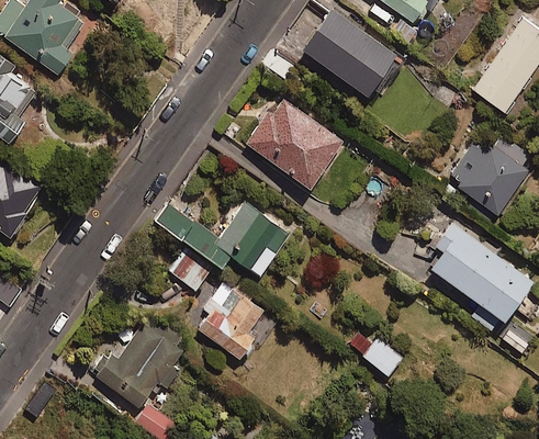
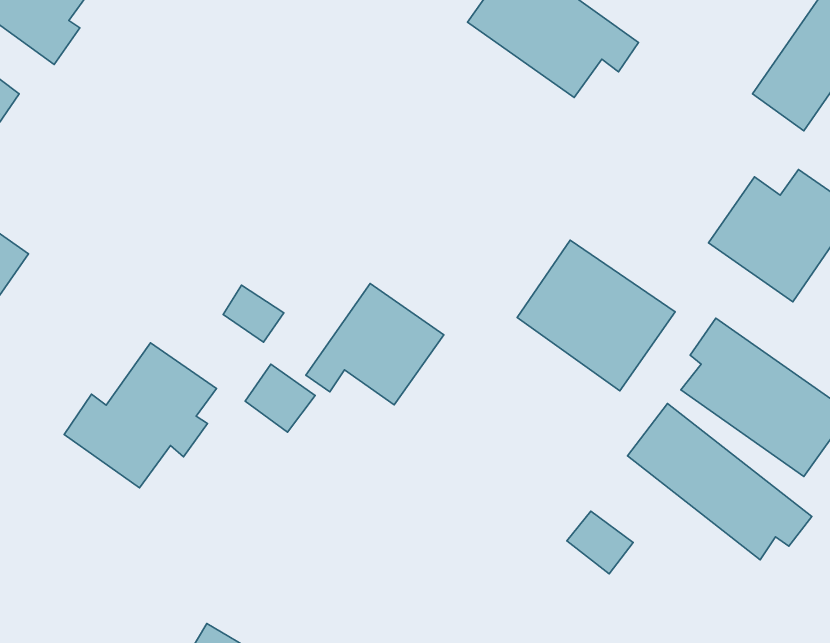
building: [248,99,343,189] -> [517,240,675,391]
building: none -> [627,403,812,560]
building: [193,282,265,359] -> none
building: [93,322,184,408] -> [64,343,217,488]

